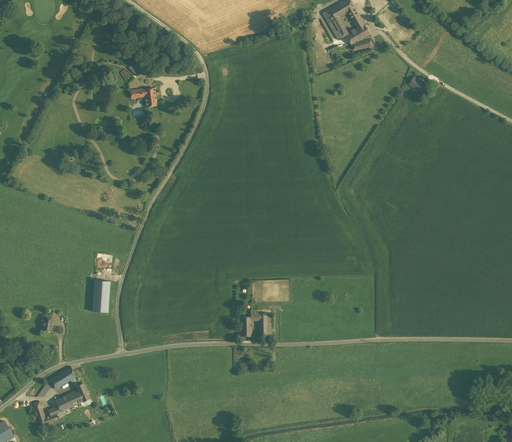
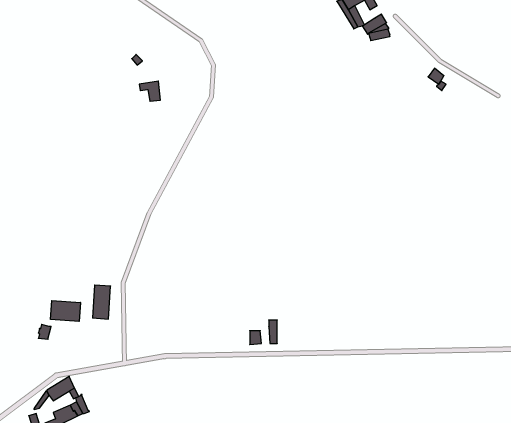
building: none -> [51,301,80,321]

